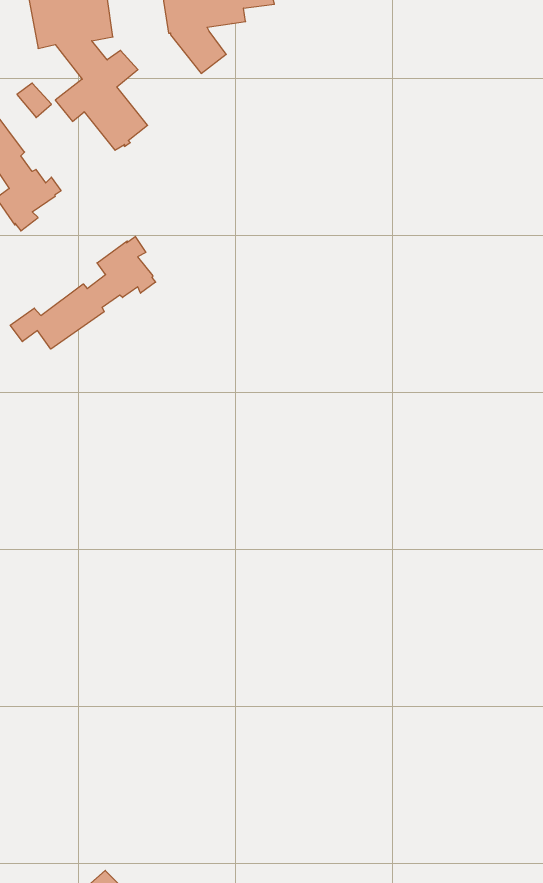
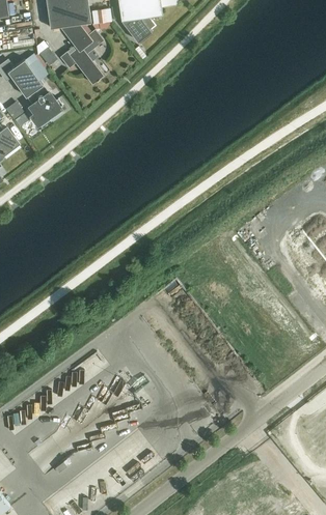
building: [10,236,156,349] -> none

